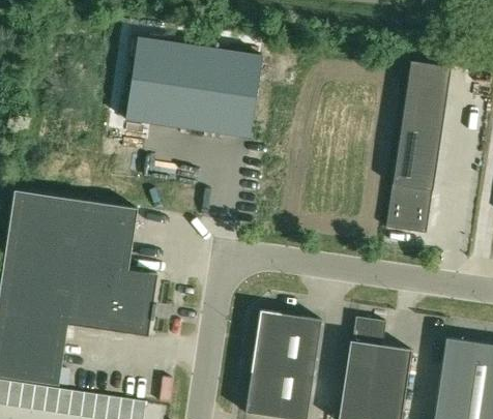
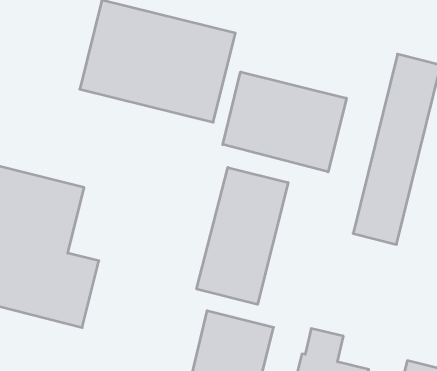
building: none -> [223,72,346,172]
building: none -> [197,167,288,304]

